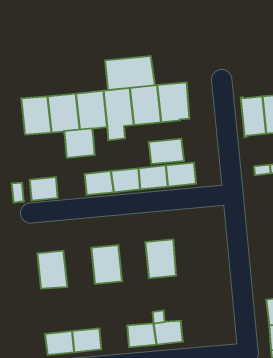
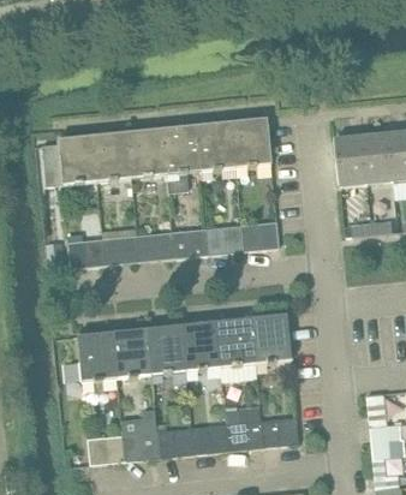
building: [105,56,155,90] -> none
building: [64,128,95,158] -> [98,227,138,264]
building: [149,138,184,164] -> none
building: none -> [249,314,289,363]
building: none -> [179,321,217,370]
building: none -> [109,328,149,377]
building: none -> [258,417,298,447]
building: none -> [155,427,192,457]

